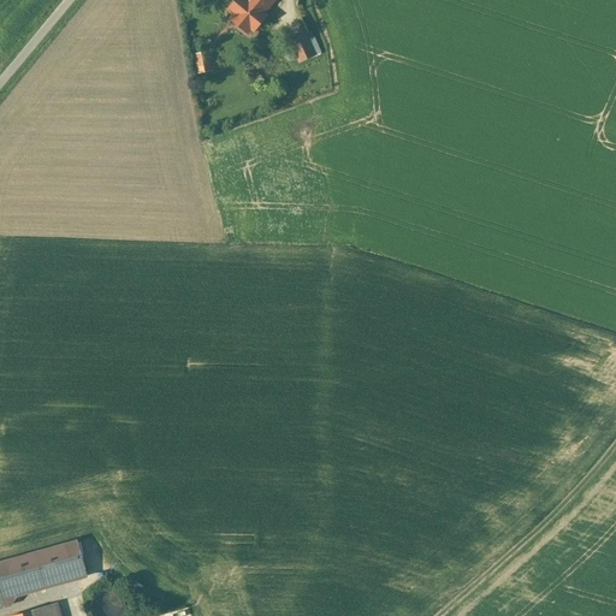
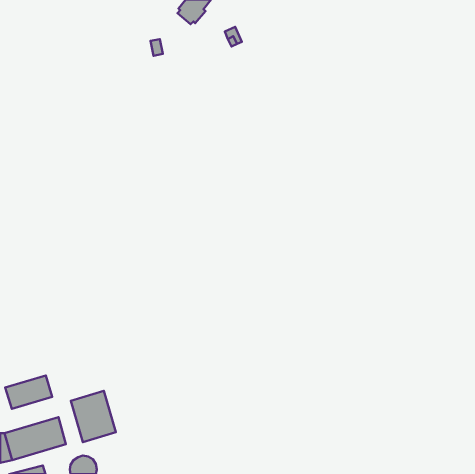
building: none -> [5,376,52,409]
building: none -> [71,391,116,442]

